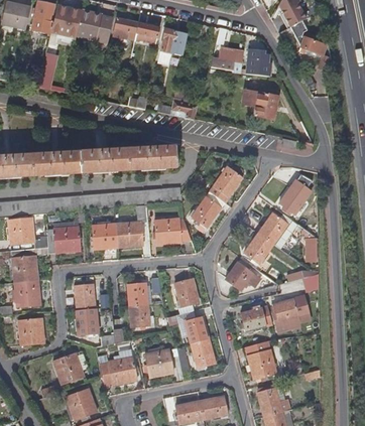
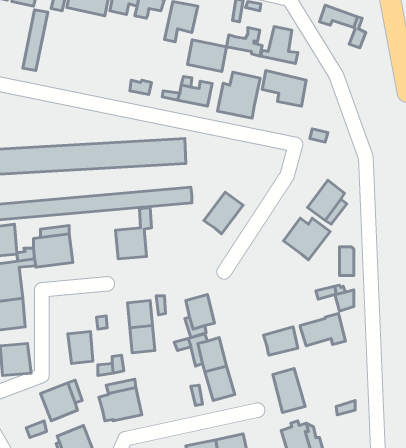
building: none -> [188,40,226,71]
building: none -> [217,72,260,118]
building: [210,165,243,201] -> none
building: [154,218,191,244] -> none
building: [92,223,119,250] -> none
building: [245,232,274,262] -> none
building: [226,261,261,290] -> none
building: [75,284,96,310] -> none
building: [271,304,312,332] -> none
building: [148,348,176,376] -> none

